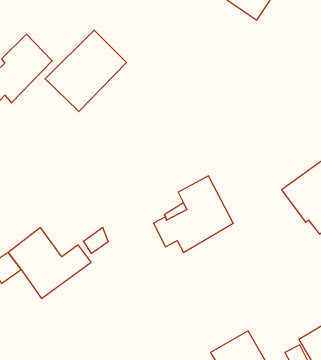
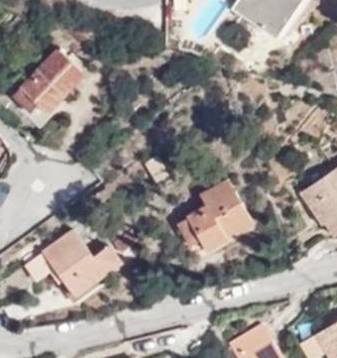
building: [45,30,127,112] -> none

